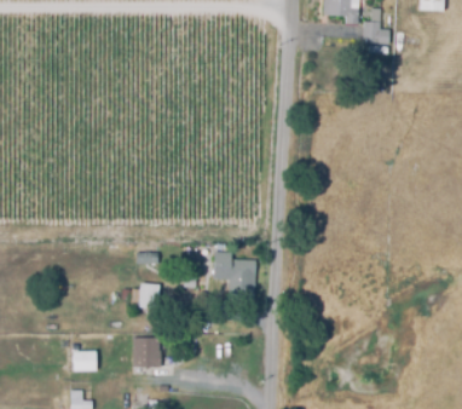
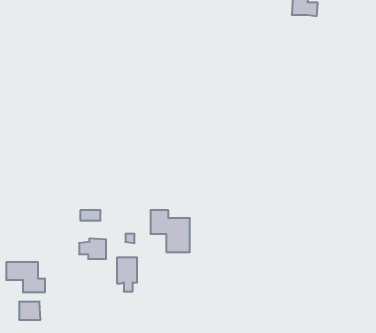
building: none -> [6,262,45,292]
building: [138,336,160,373] -> [117,258,137,291]

